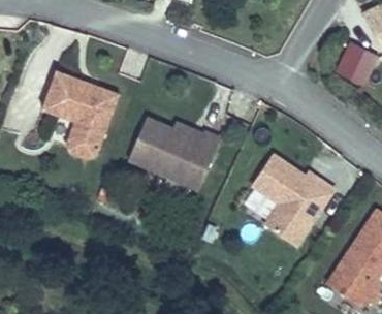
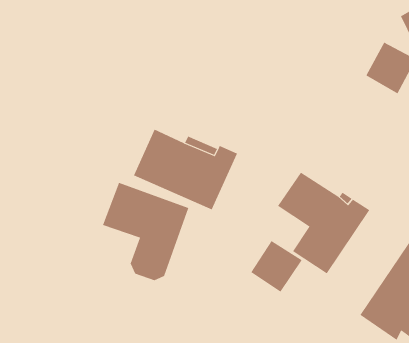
building: [43,74,121,162] -> [102,182,189,281]
building: none -> [251,240,303,293]

